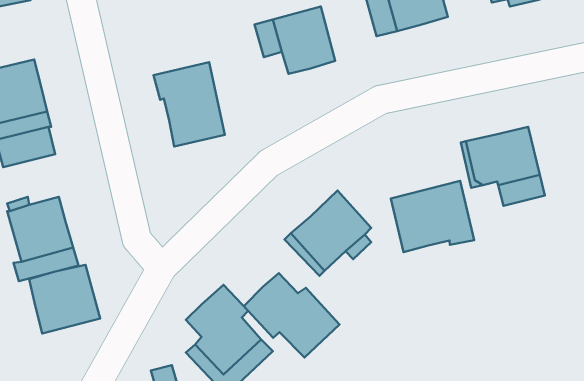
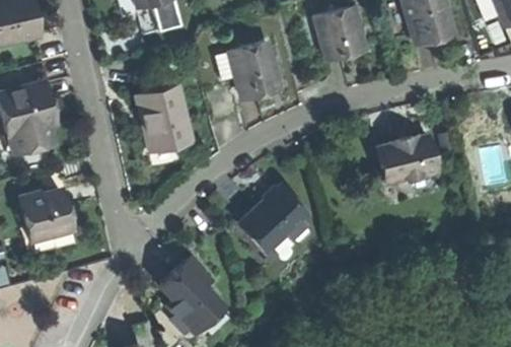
building: [391,181,474,252] -> none
building: [29,265,100,334] -> none
building: [244,273,340,358] -> none

